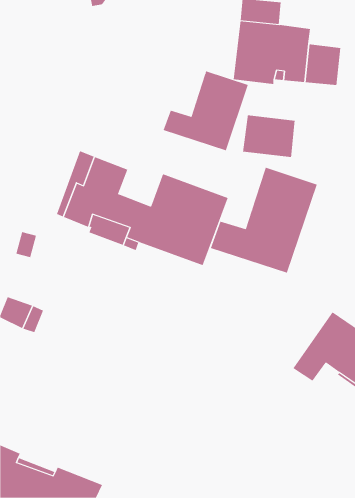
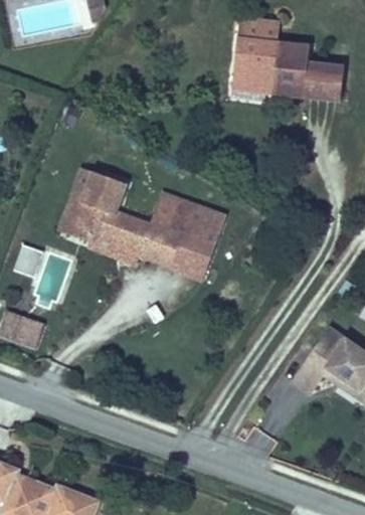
building: [163,70,248,151] -> none
building: [243,114,295,158] -> none
building: [210,167,317,274] -> none

